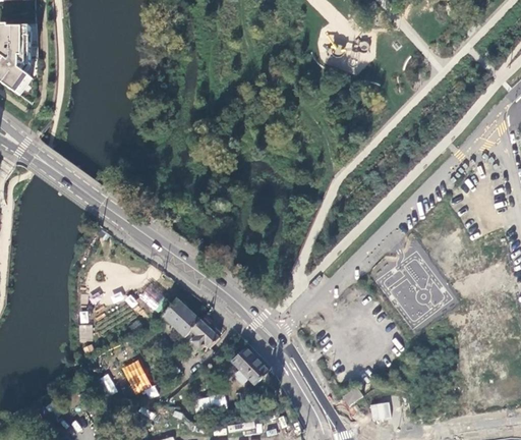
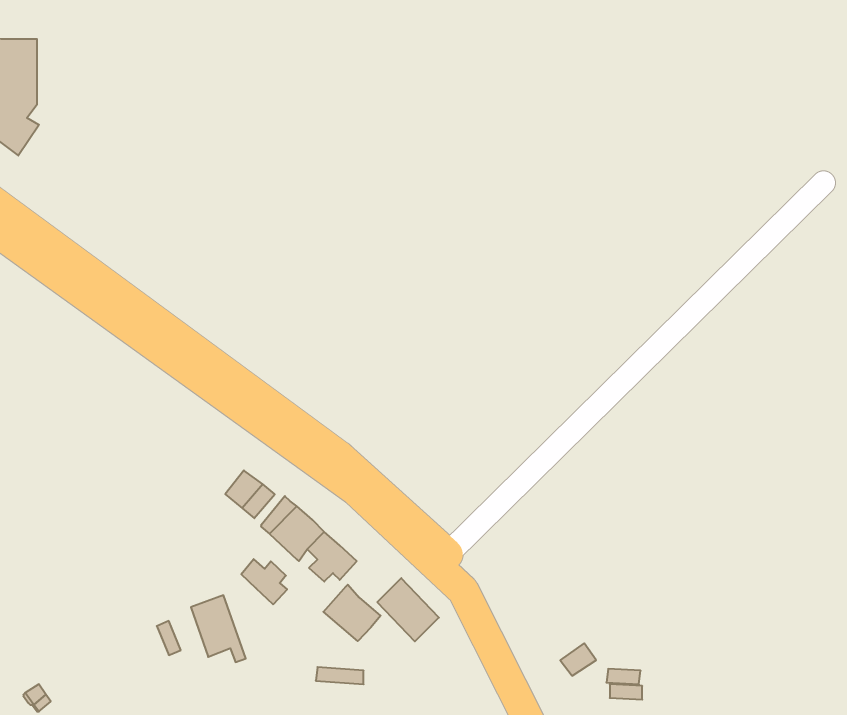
building: none -> [241,559,287,604]
building: none -> [323,585,381,641]

